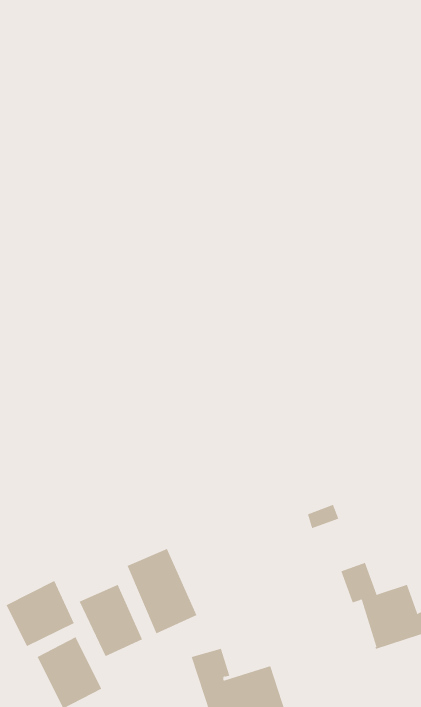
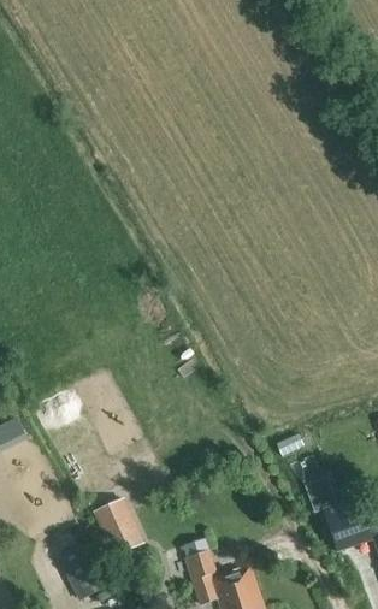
building: [127,548,197,634] -> none
building: [6,580,74,647] -> none

